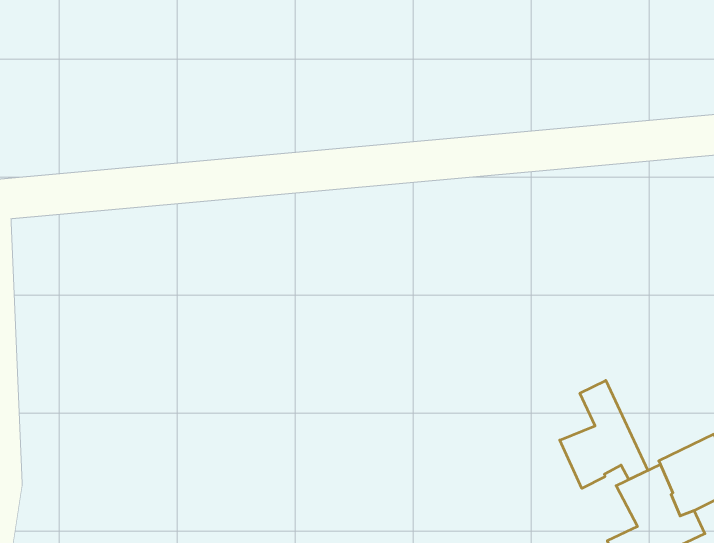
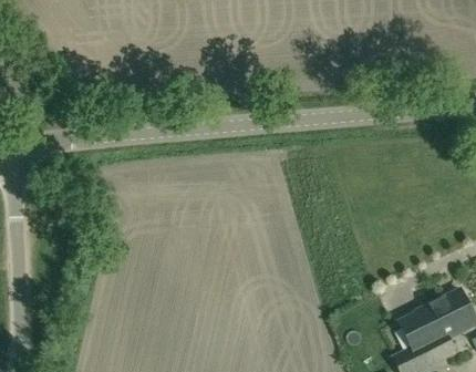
building: [560,380,648,488] -> none

